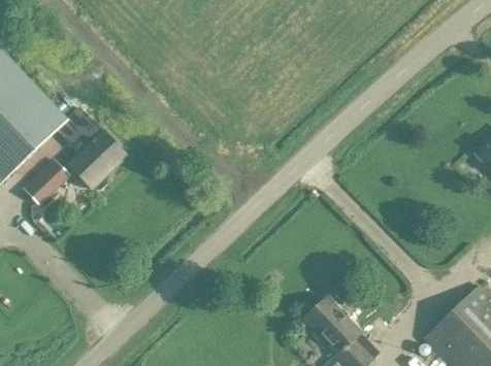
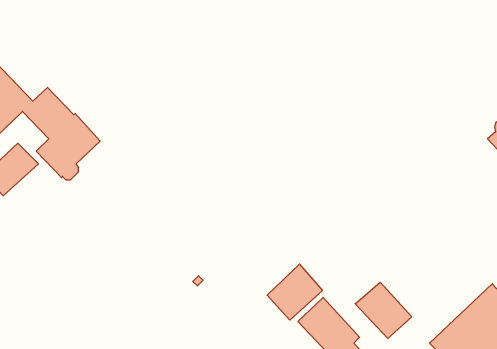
building: none -> [267,264,322,320]
building: none -> [355,282,412,338]

